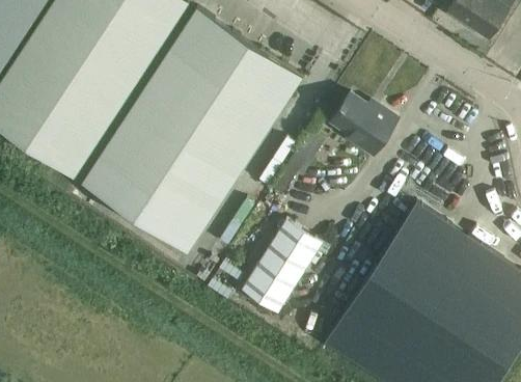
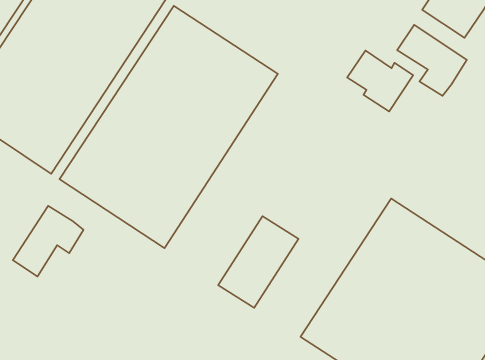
building: none -> [397,25,467,96]
building: [330,96,396,157] -> [347,51,413,111]
building: none -> [13,206,84,276]

